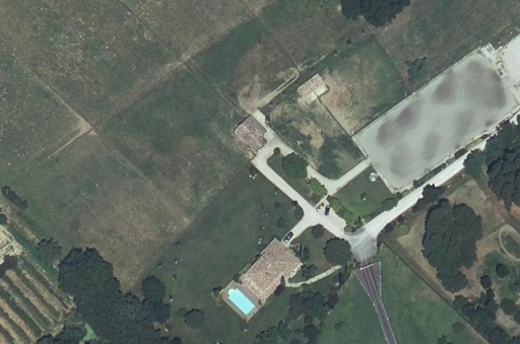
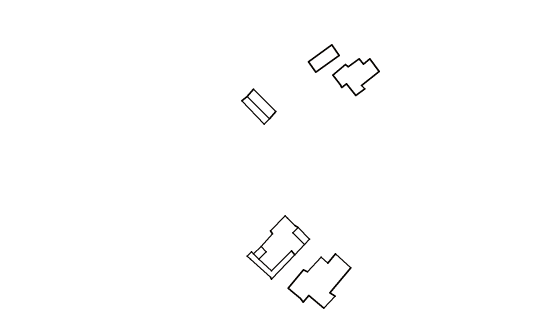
building: none -> [333,59,379,96]
building: none -> [288,254,351,308]

